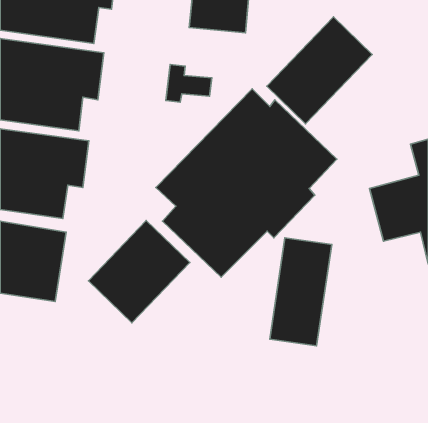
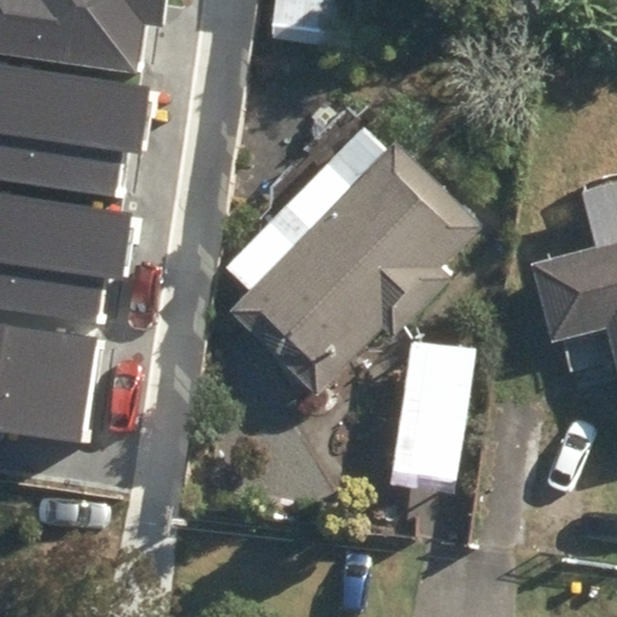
building: [267,17,372,124] -> none
building: [88,221,190,323] -> none

